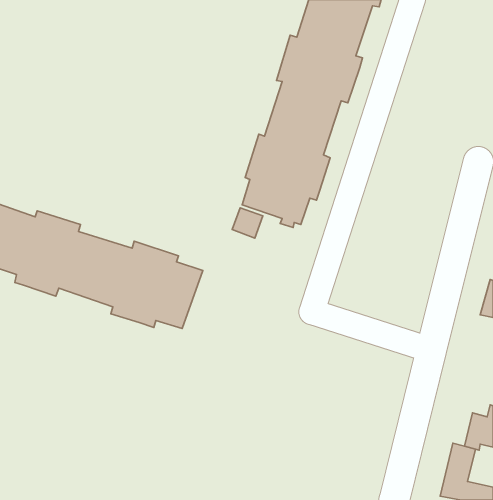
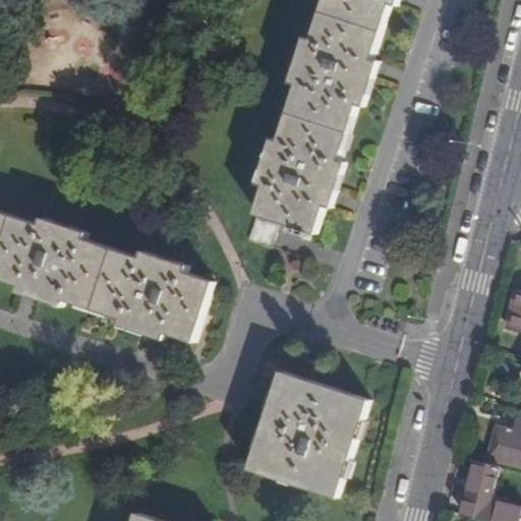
building: none -> [245,372,365,499]

